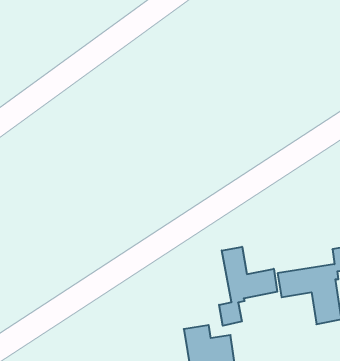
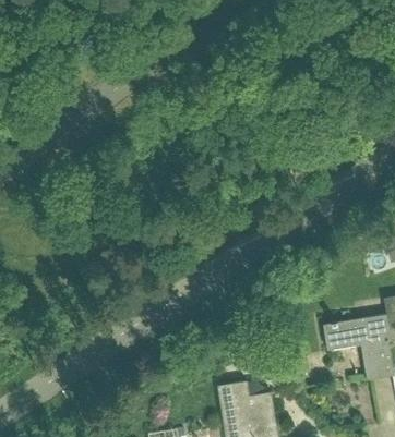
building: [219,247,277,326] -> none

